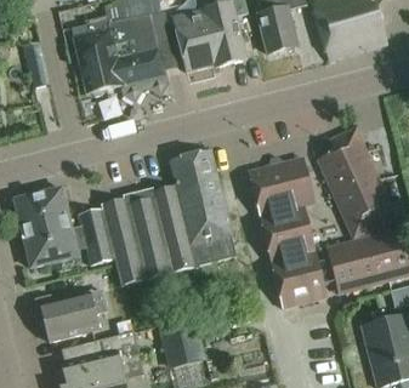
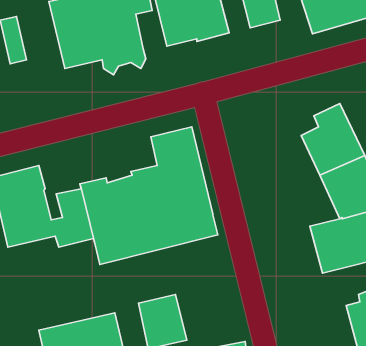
building: [248,156,325,308] -> none
building: [35,291,107,342] -> none

